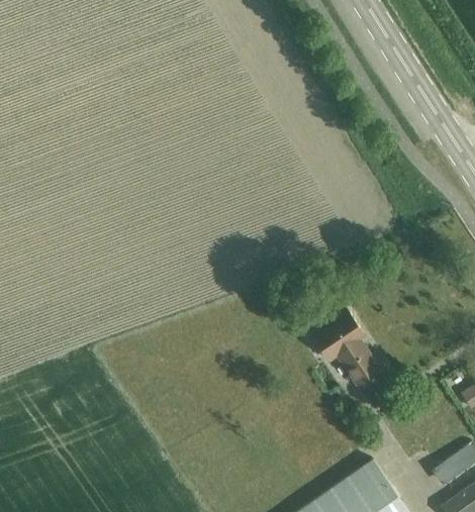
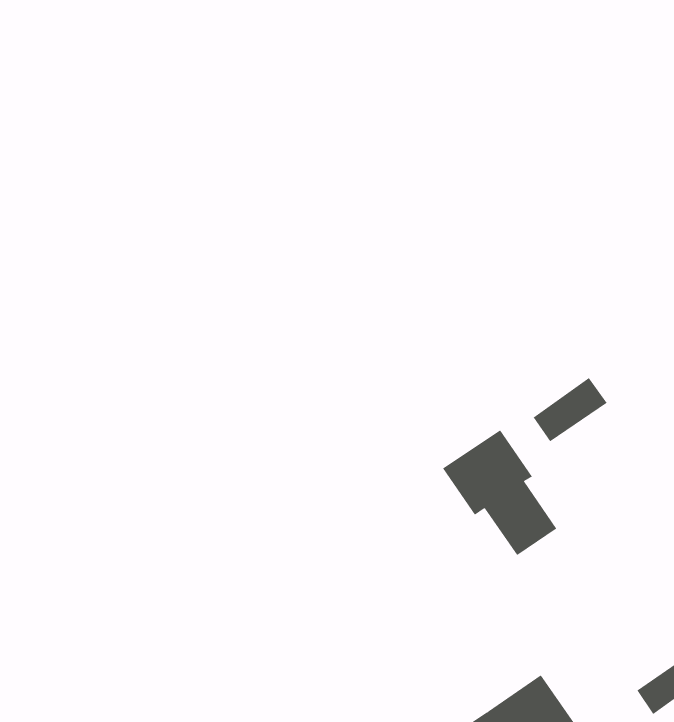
building: none -> [533,377,607,442]

